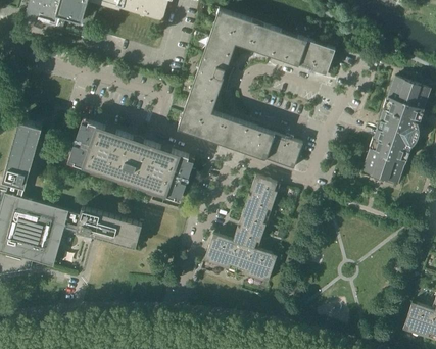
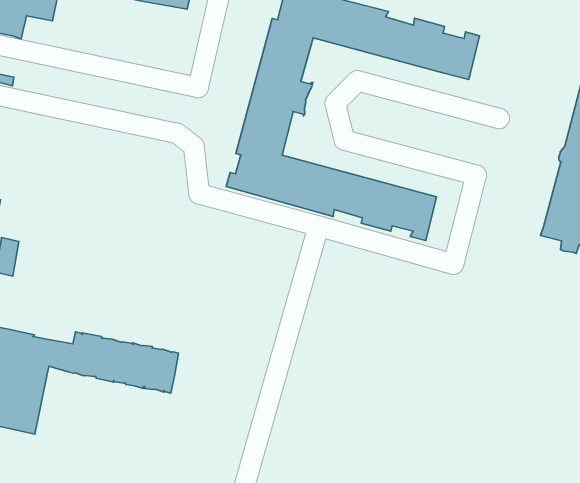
building: [68,121,194,199] -> none
building: [204,176,277,283] -> none

